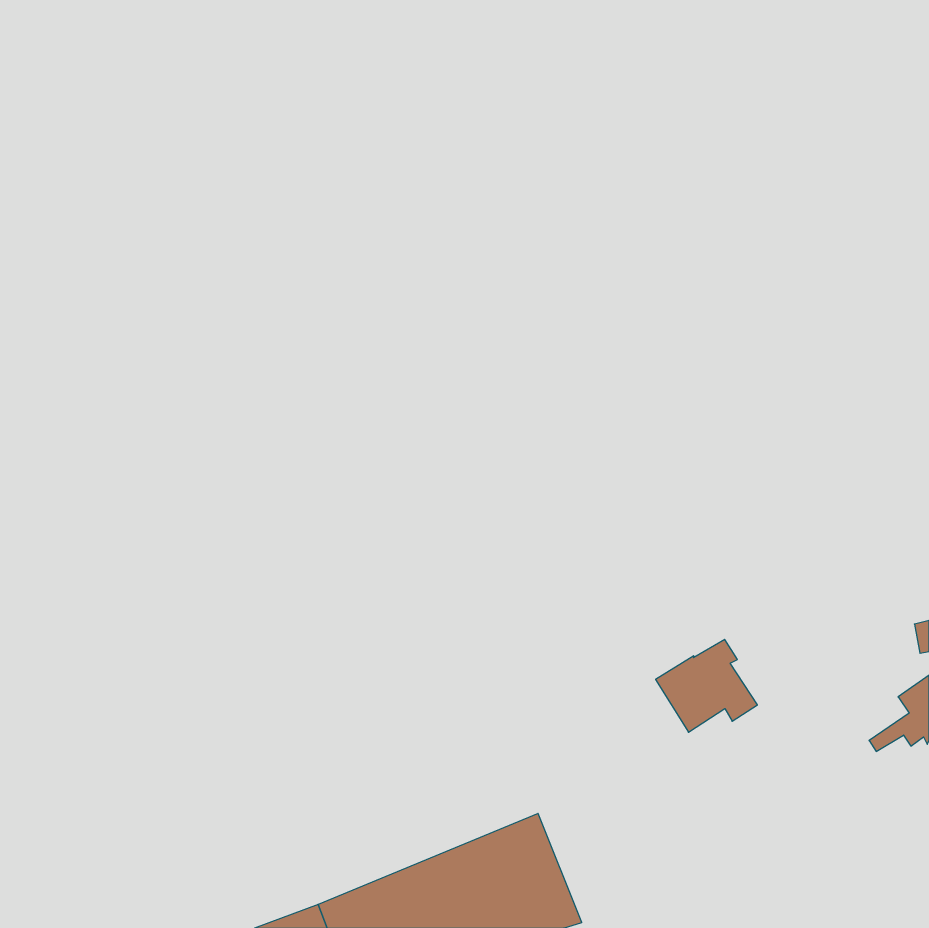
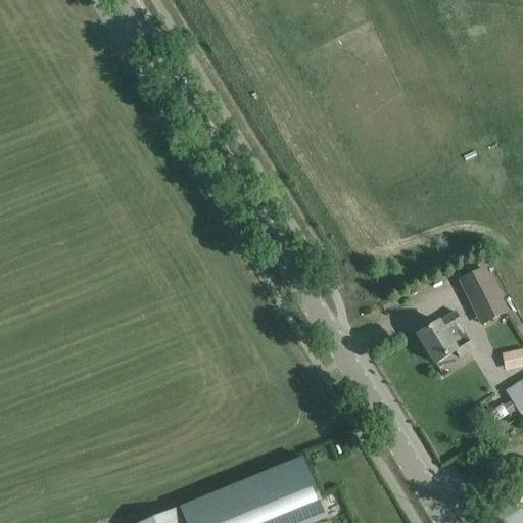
building: none -> [458,266,508,325]
building: [656,639,757,732] -> [417,312,474,364]

